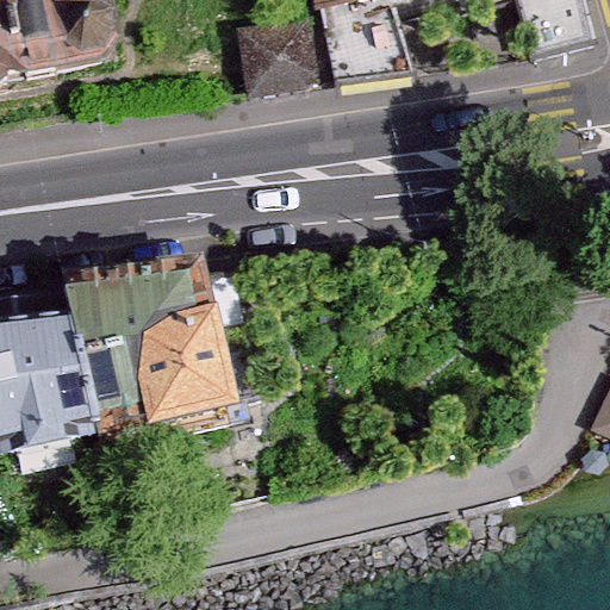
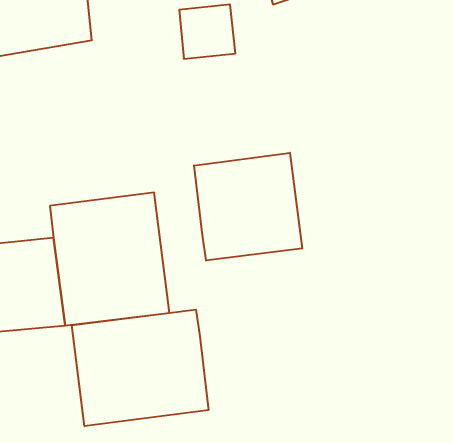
building: none -> [194,153,302,261]
building: none -> [72,310,208,426]

